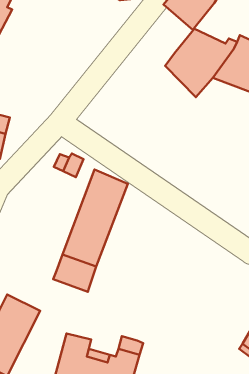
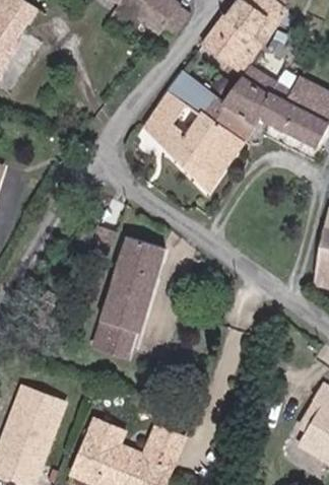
building: none -> [147,65,246,191]

